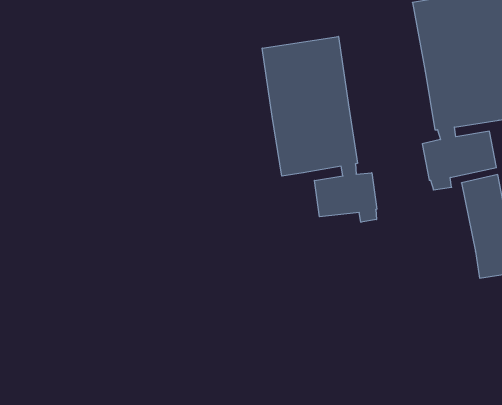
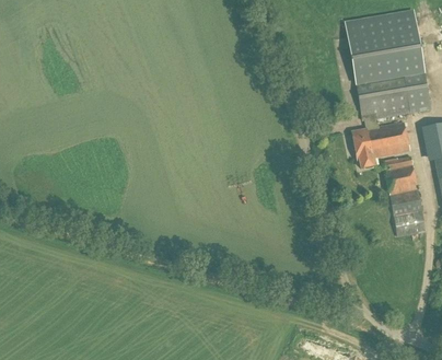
building: [262,36,377,222] -> none

